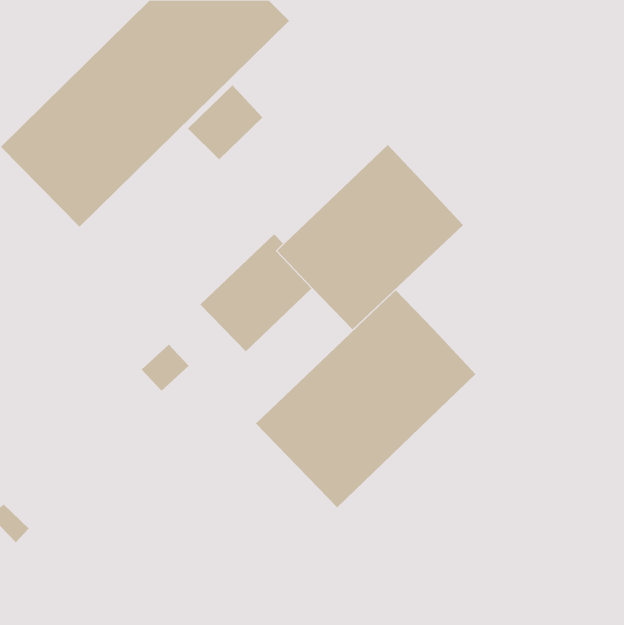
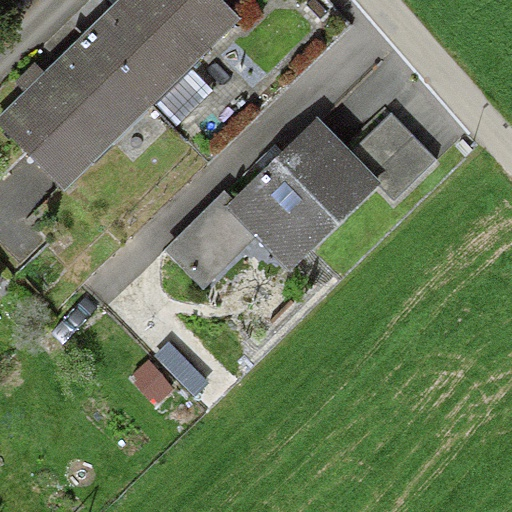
building: none -> [349,113,435,198]
building: [255,290,476,508] -> none

